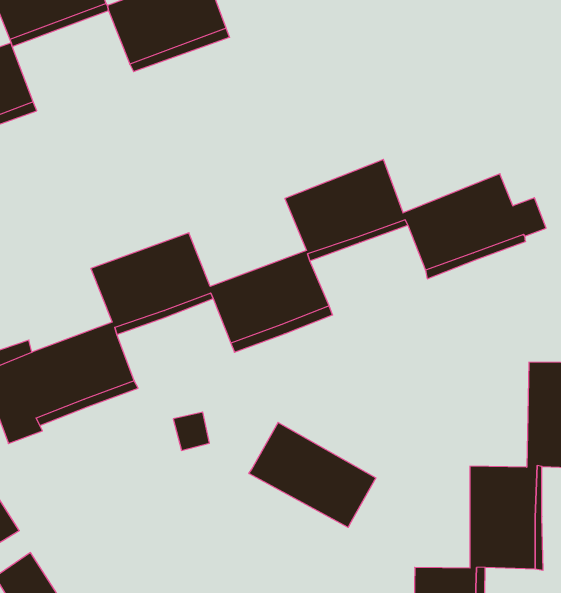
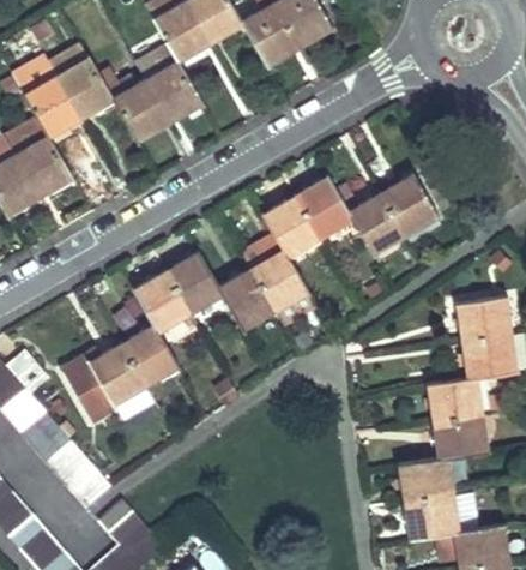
building: [249,422,376,527] -> none

